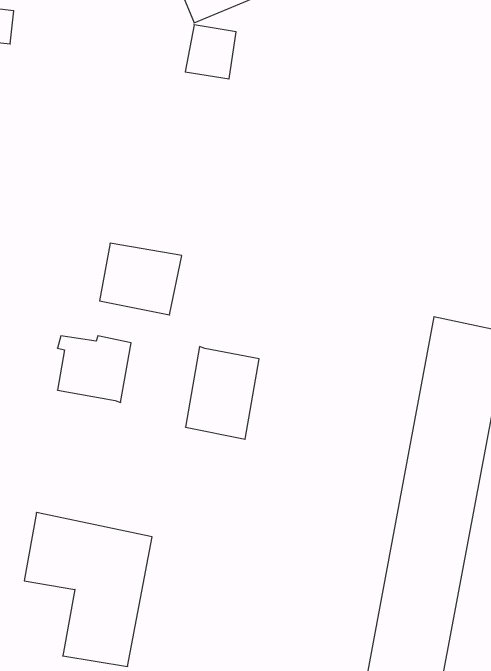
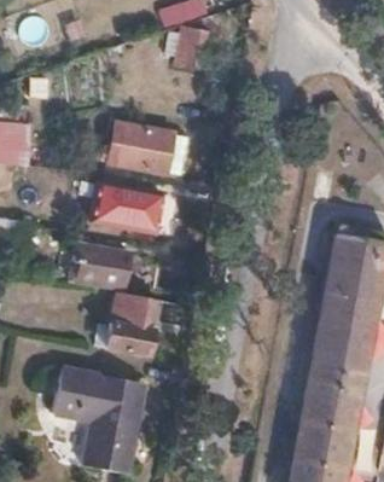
building: none -> [116,124,187,175]
building: [185,347,259,439] -> [106,291,157,355]

